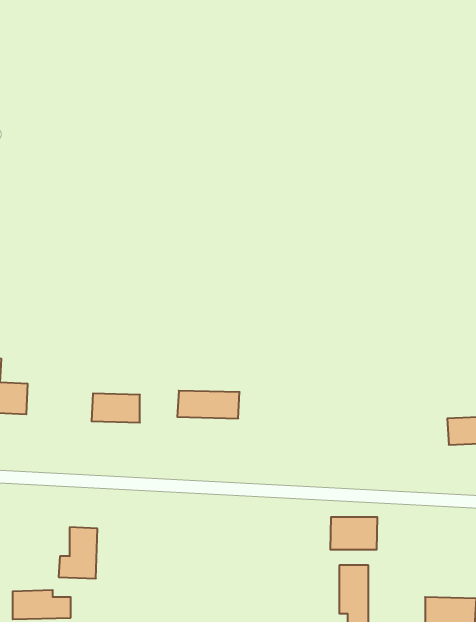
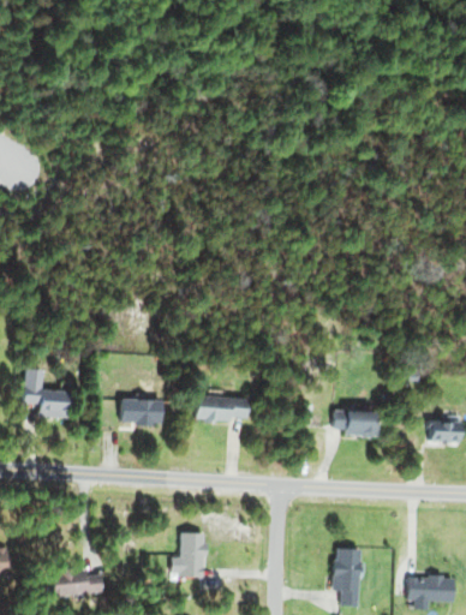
building: none -> [335,410,377,435]
building: [330,517,377,550] -> none
building: [59,527,97,578] -> [172,532,205,577]

